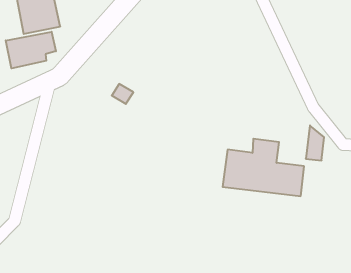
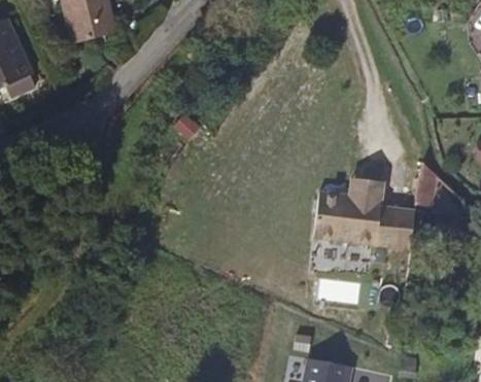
building: [6,32,56,68] -> none

